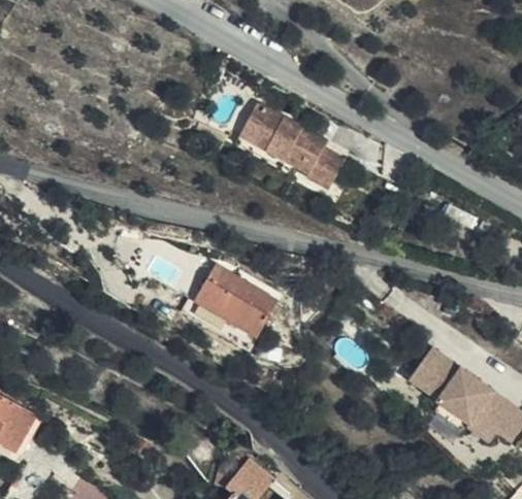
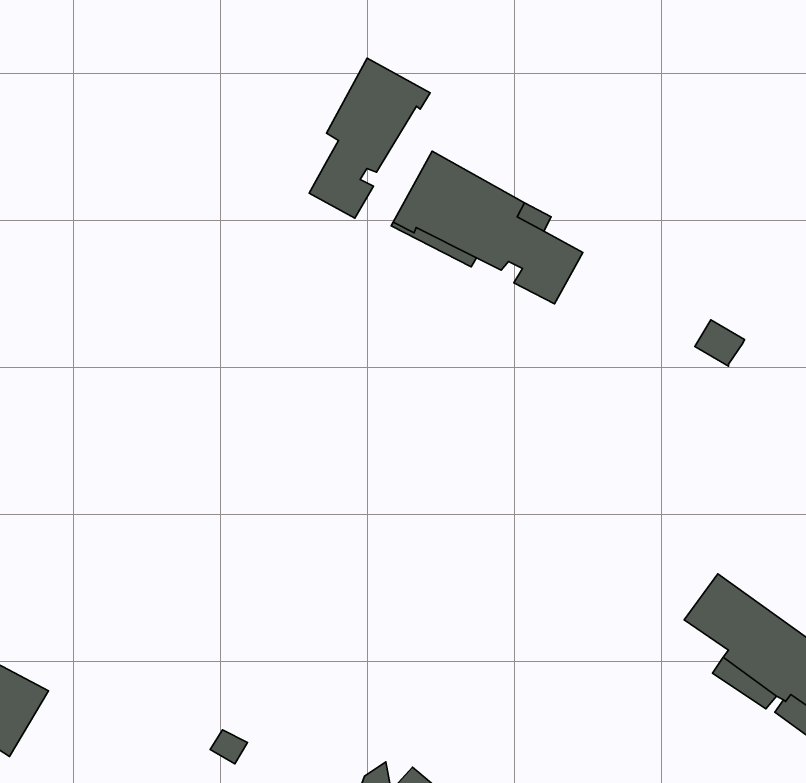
building: none -> [309,58,430,218]
building: [185,263,278,350] -> none

